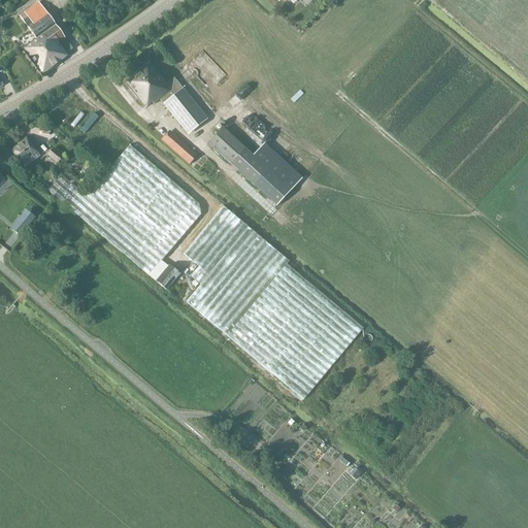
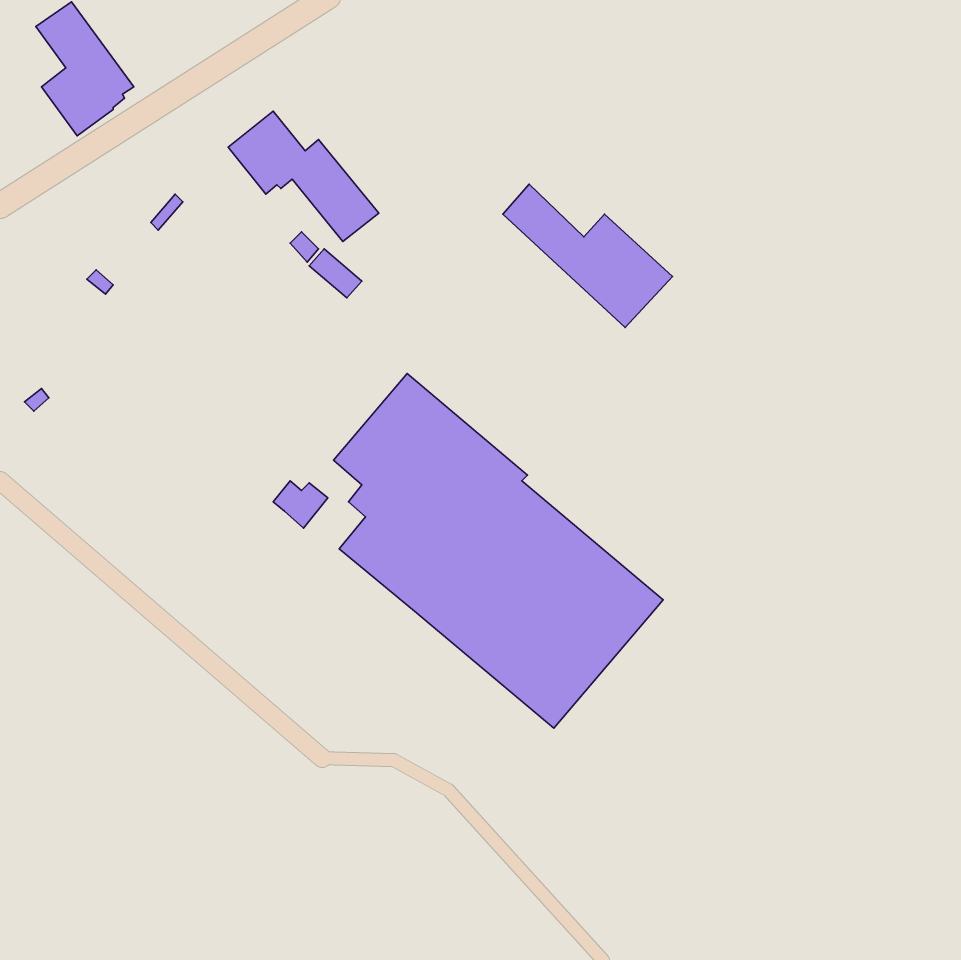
building: [210,126,303,204] -> [503,184,672,327]
building: [12,137,41,166] -> none
building: [50,144,200,273] -> none

